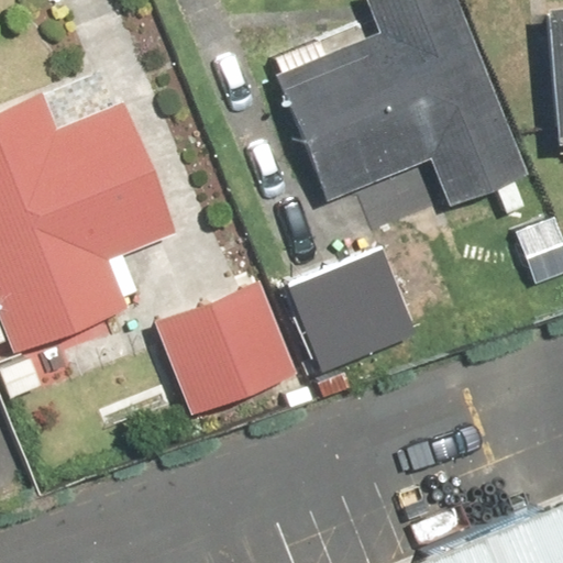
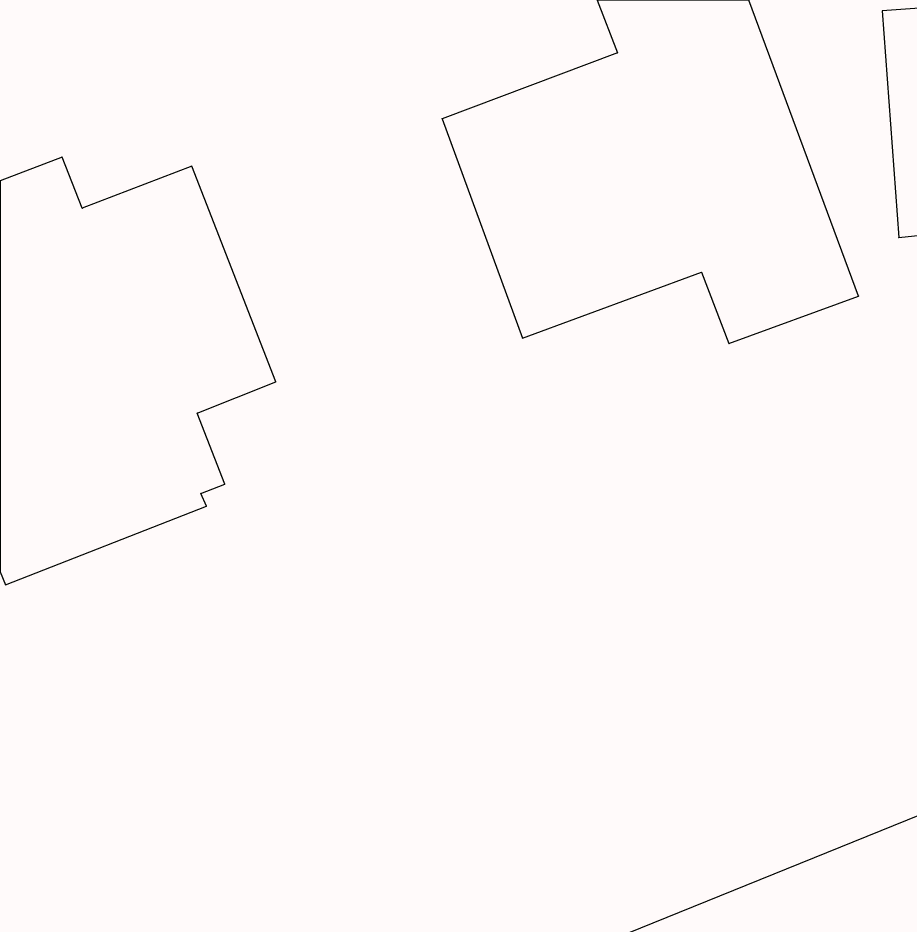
building: [287,244,416,372] -> none
building: [151,279,297,419] -> none

